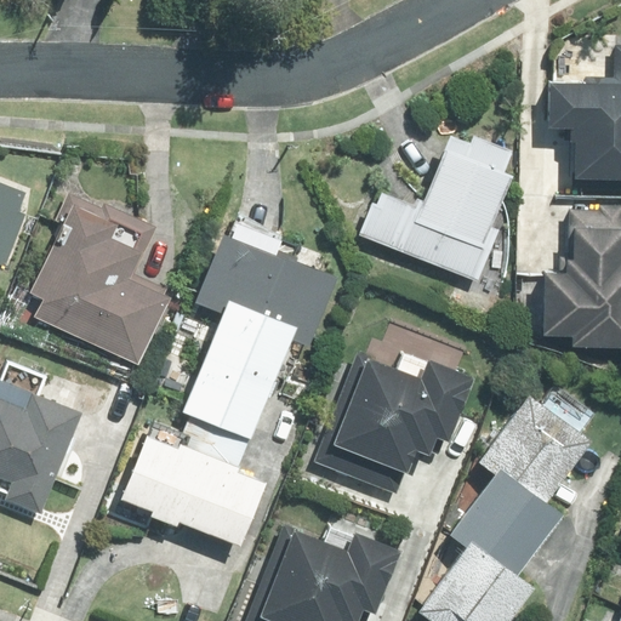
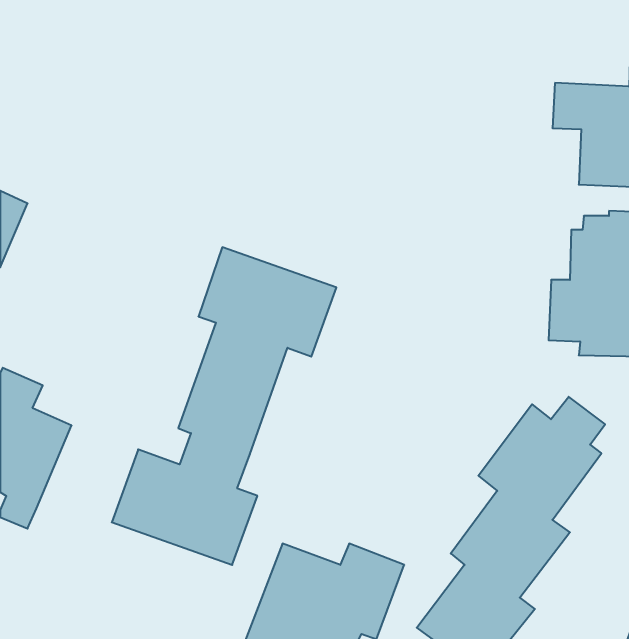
building: [359,129,509,283] -> none
building: [28,186,169,363] -> none
building: [317,353,472,495] -> none

